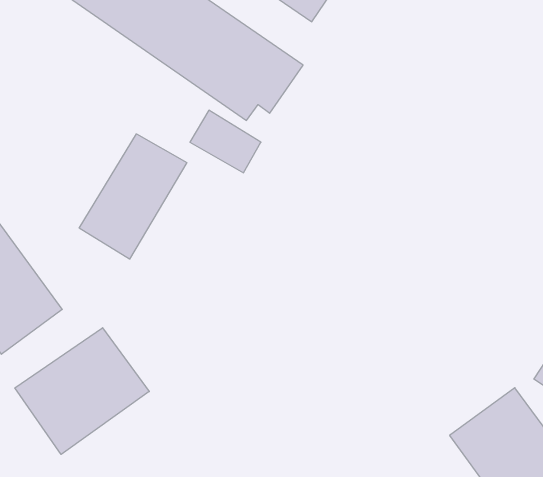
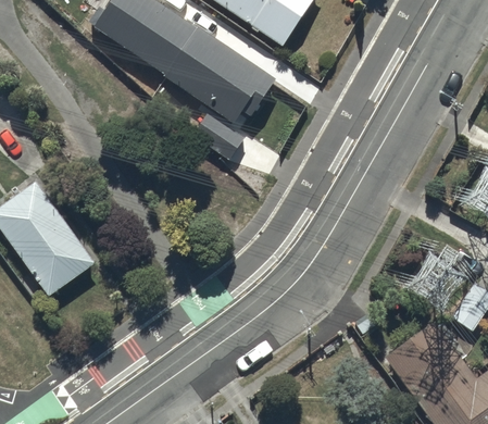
building: [79,134,187,259] -> none
building: [15,328,149,454] -> none

